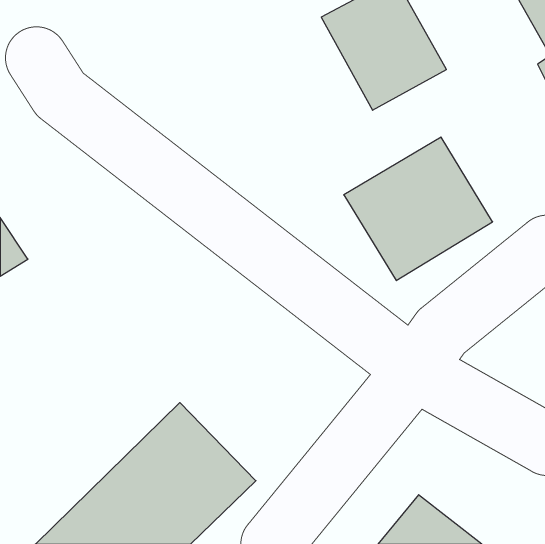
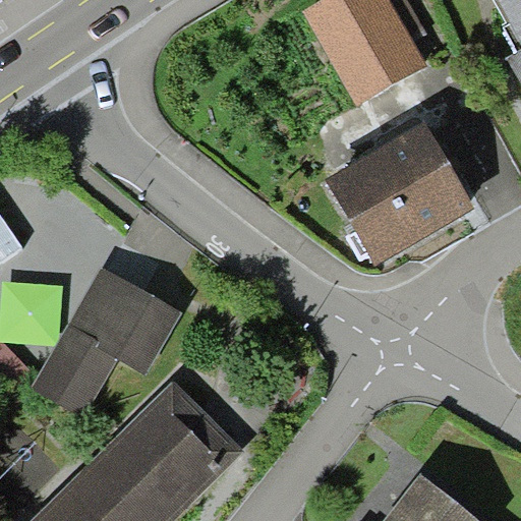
building: none -> [35,268,173,410]

